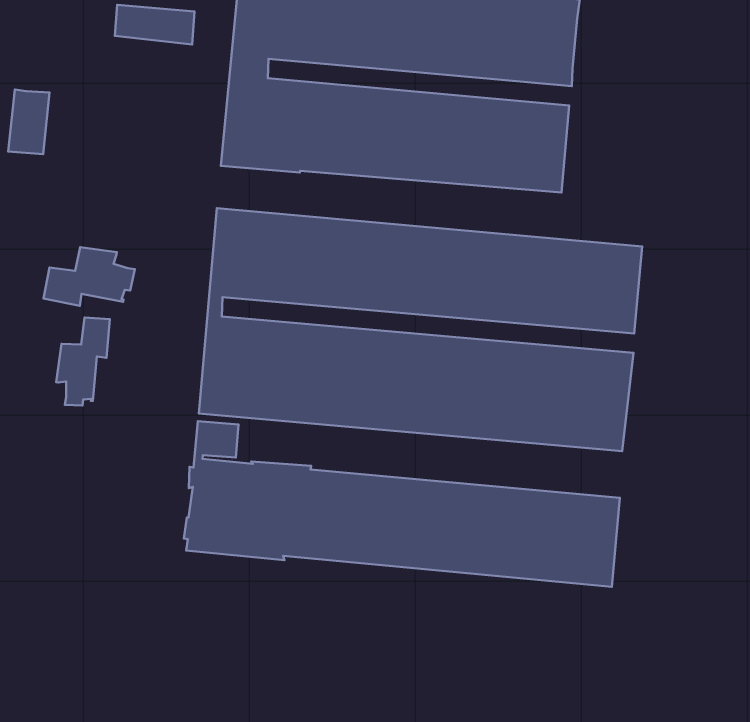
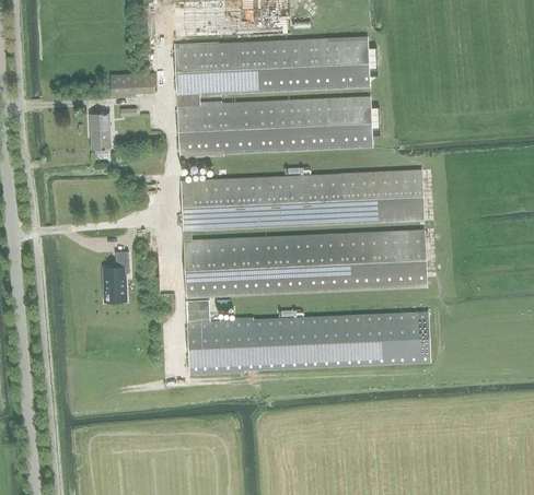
building: [8,90,50,154] -> [90,113,111,149]
building: [43,247,135,306] -> none

